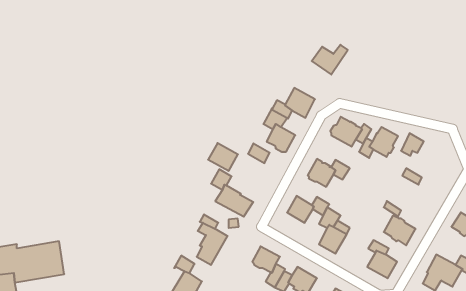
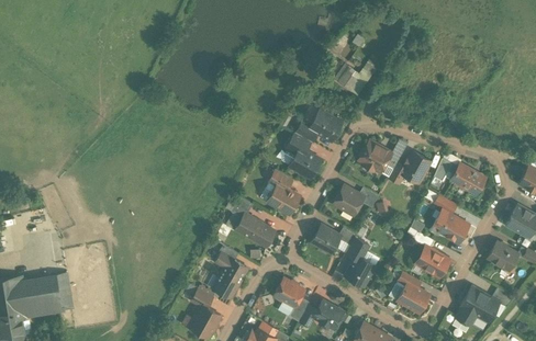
building: none -> [451,163,485,192]
building: [208,143,238,171] -> [268,184,300,214]
building: none -> [438,214,469,243]

